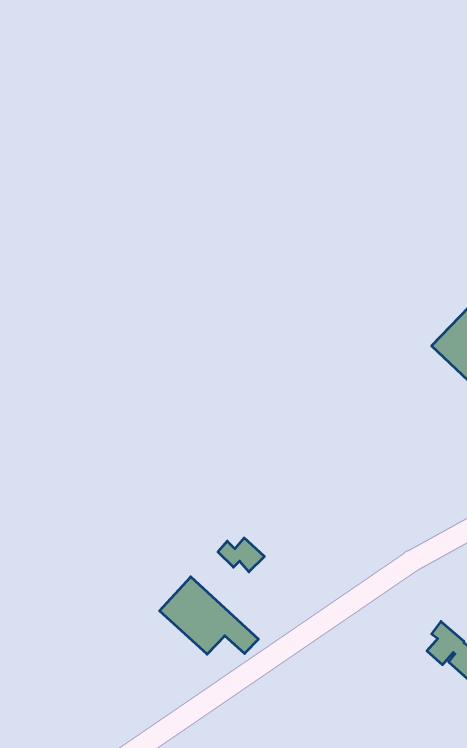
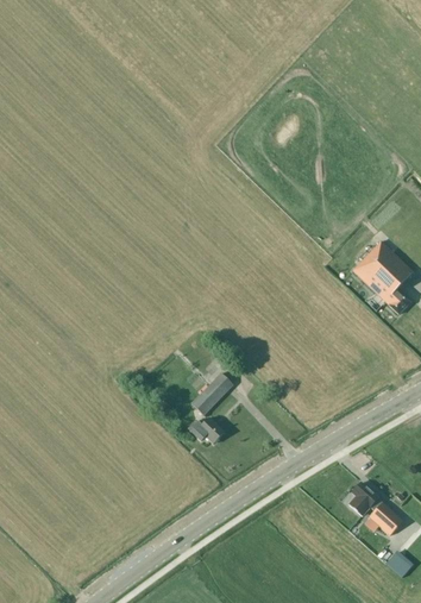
building: none -> [191,372,233,415]
building: [160,577,258,654] -> none

